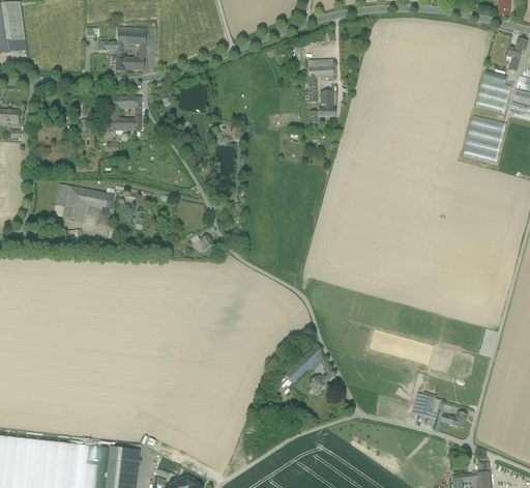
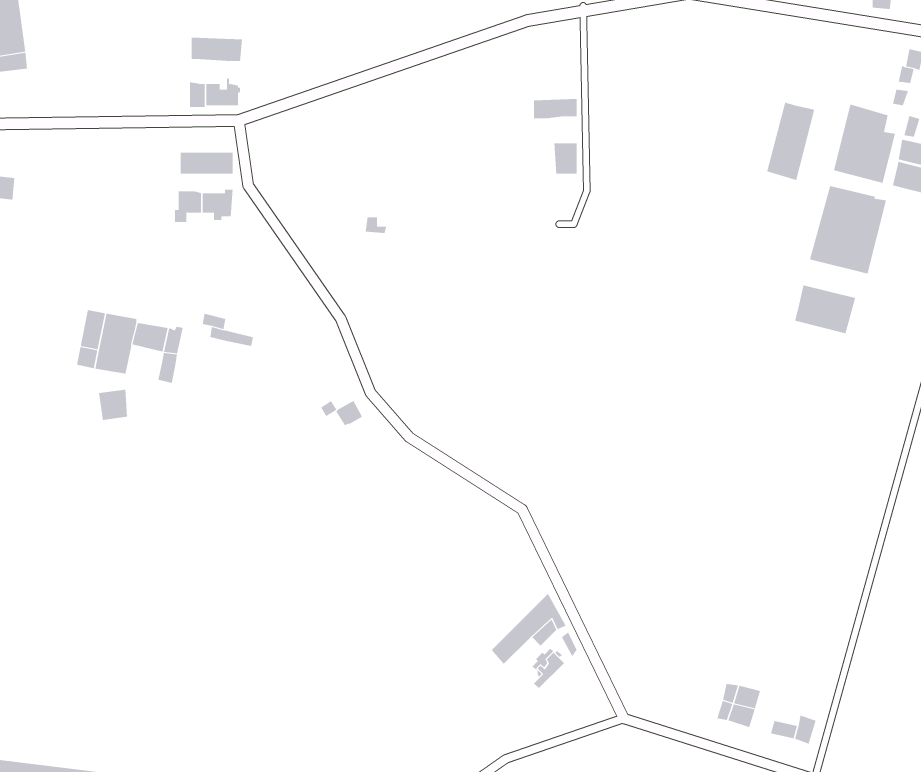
building: none -> [766,102,815,181]
building: none -> [794,284,856,334]

